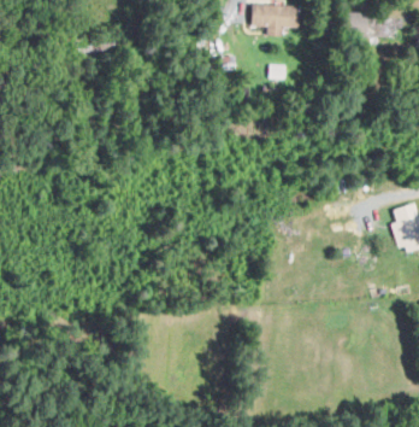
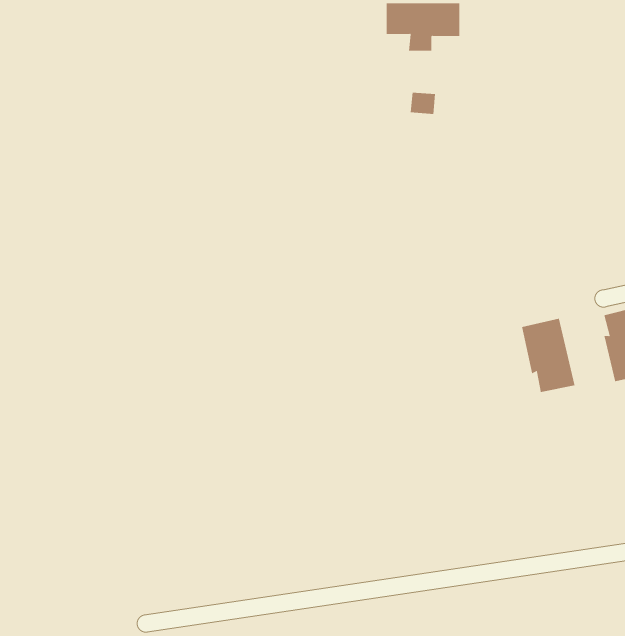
building: none -> [522,318,575,393]

